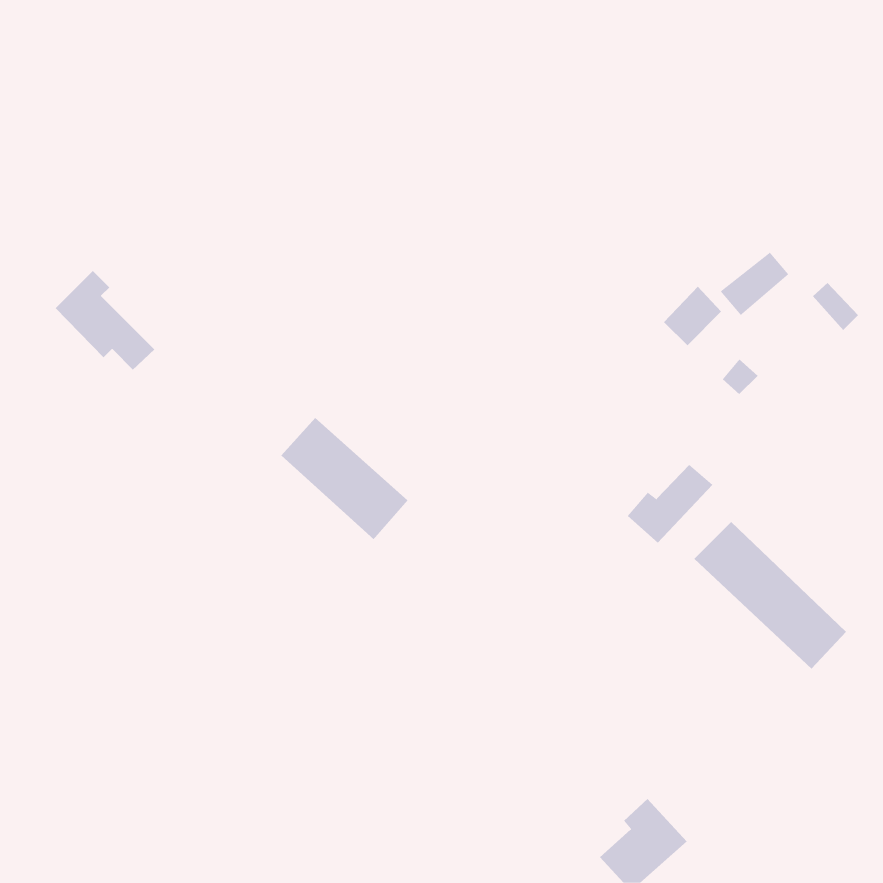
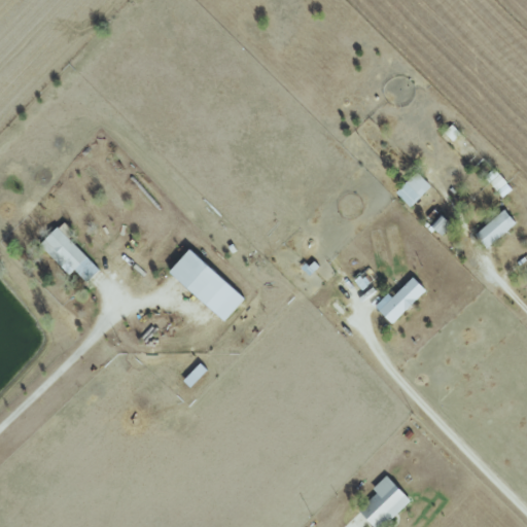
building: [720,252,789,316] -> [473,209,515,247]
building: [55,270,155,370] -> [40,221,100,281]
building: [694,521,847,670] -> none

